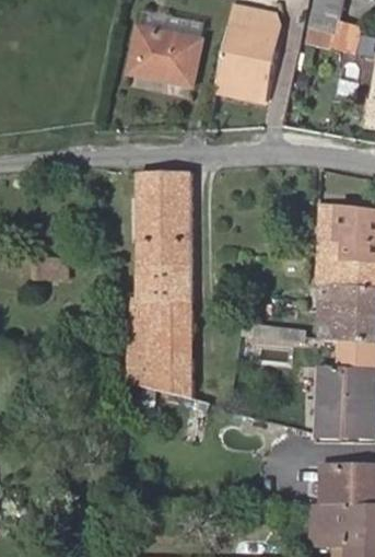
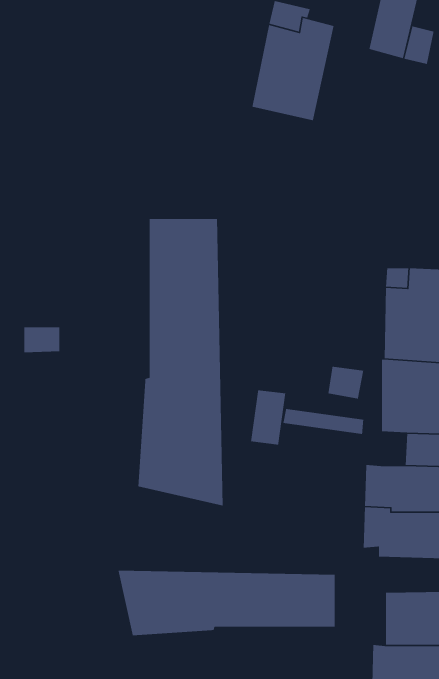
building: [130,13,202,84] -> none
building: none -> [250,389,286,445]
building: none -> [117,570,335,636]

